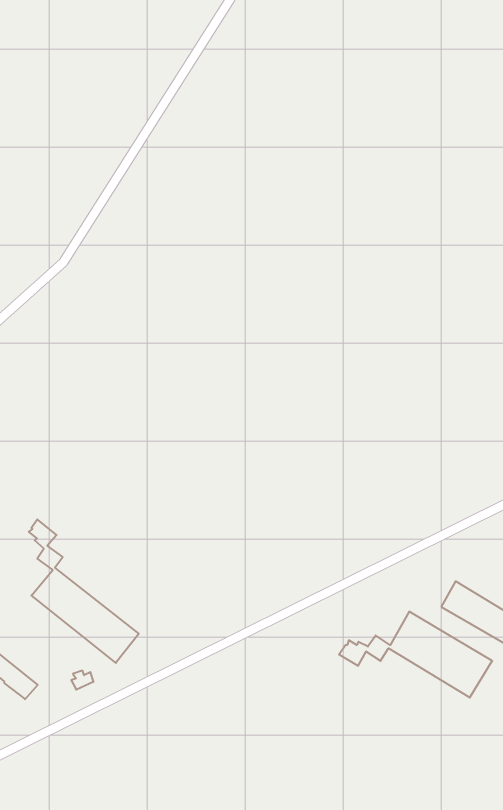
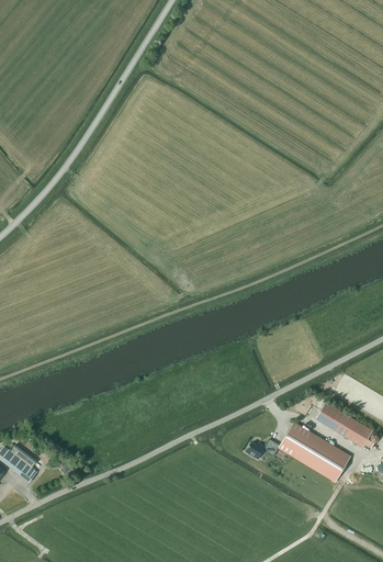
building: [29,519,139,663] -> none

